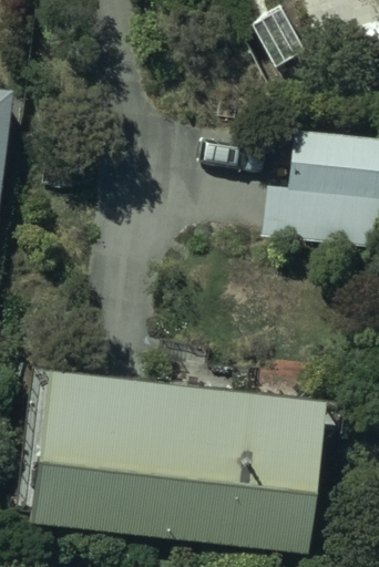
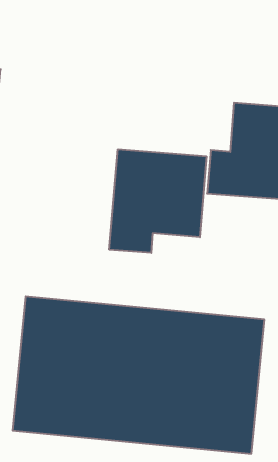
building: none -> [109,149,206,253]

